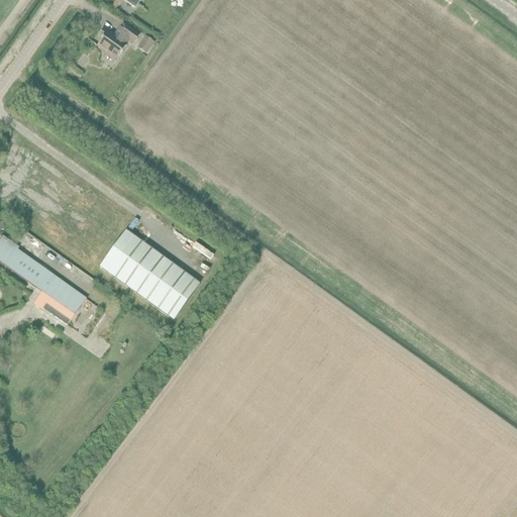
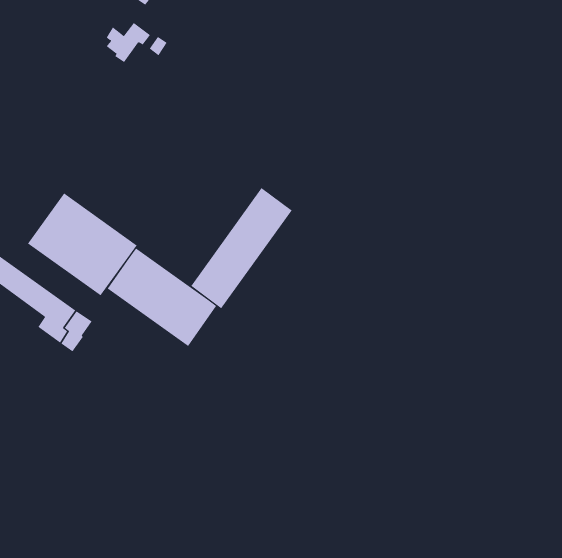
building: none -> [190,187,292,309]
building: none -> [27,193,137,296]

